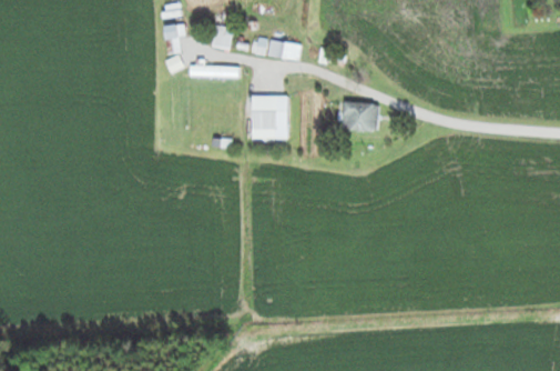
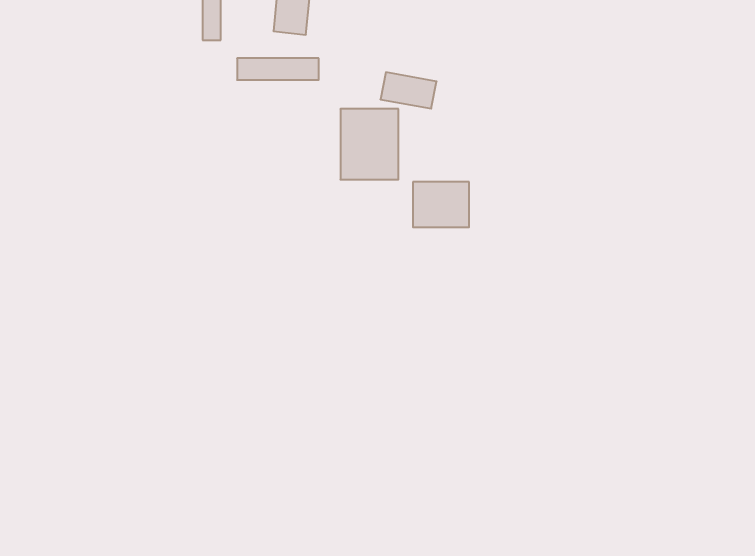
building: [266,39,301,61] -> [380,72,437,109]
building: [343,103,377,131] -> [413,182,469,227]

